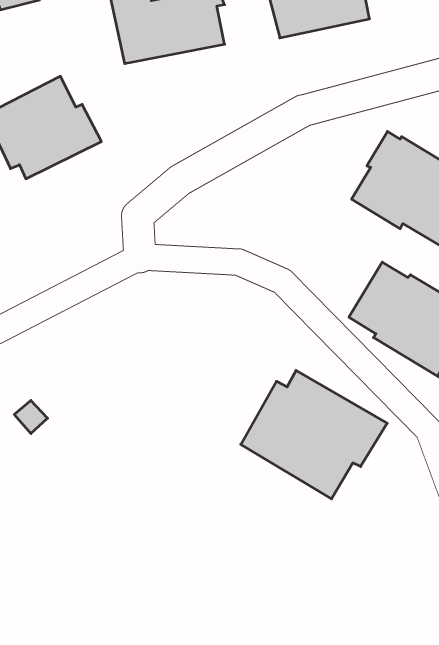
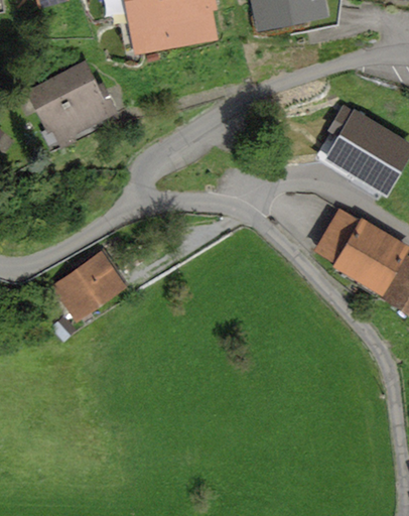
building: none -> [52,251,127,321]
building: [241,370,387,499] -> none

